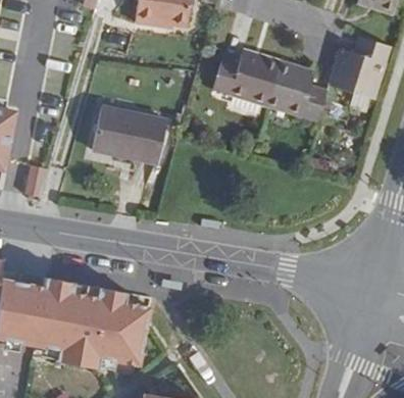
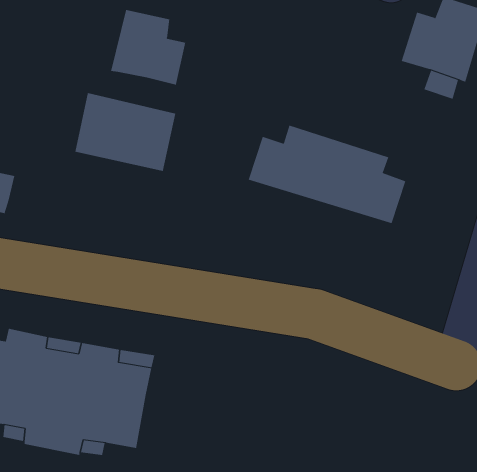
building: none -> [111,9,186,85]
building: [213,49,327,120] -> [248,125,406,224]

